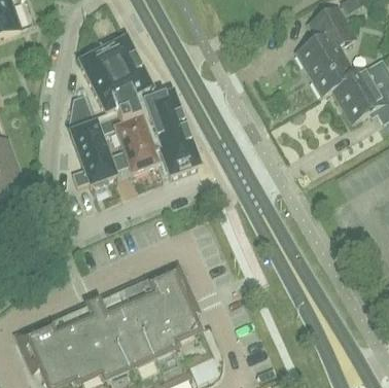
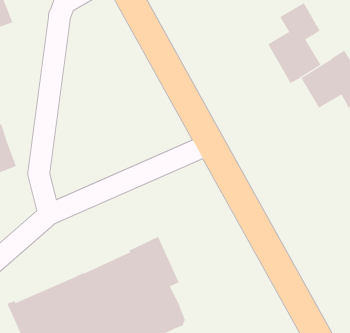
building: [69,38,197,185] -> none
building: [67,93,94,126] -> none

